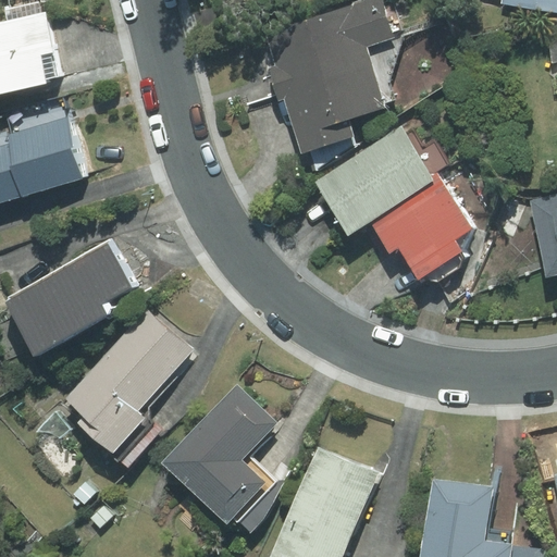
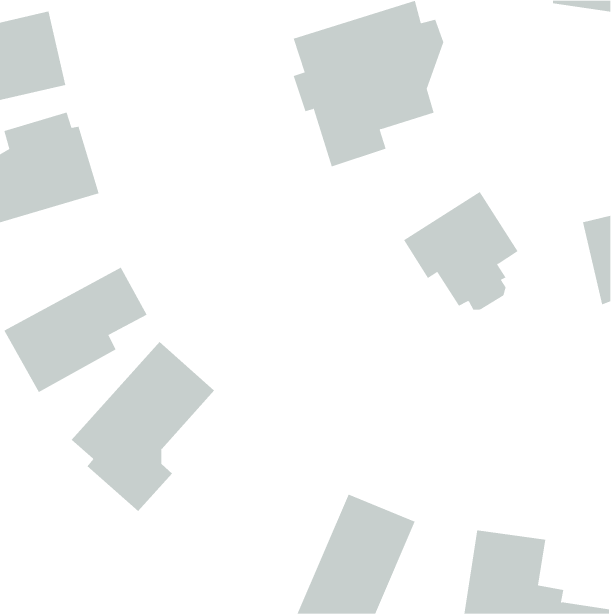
building: [317,128,448,230] -> none
building: [160,384,280,531] -> none

